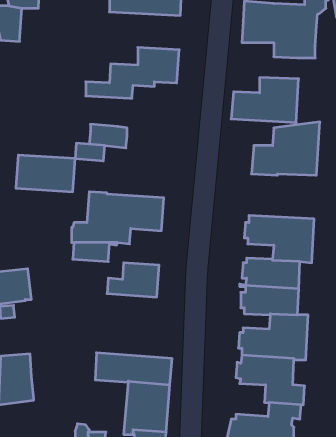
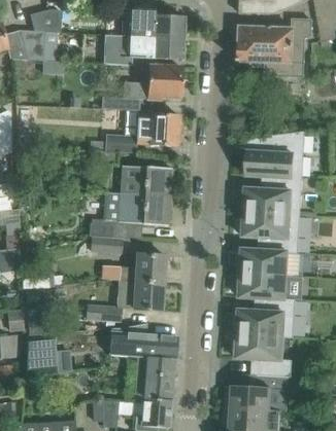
building: none -> [111,33,184,58]
building: [231,78,299,123] -> [244,175,303,214]
building: none -> [138,112,180,145]
building: [16,155,75,192] -> [121,164,172,195]
building: none -> [88,279,164,319]

